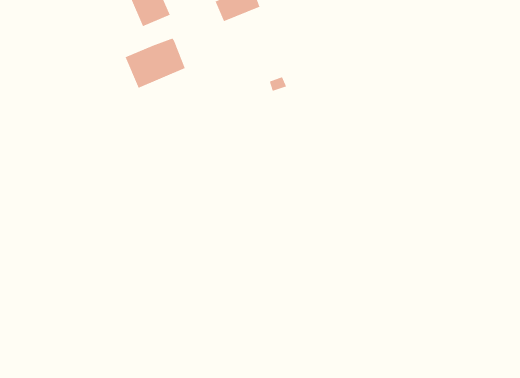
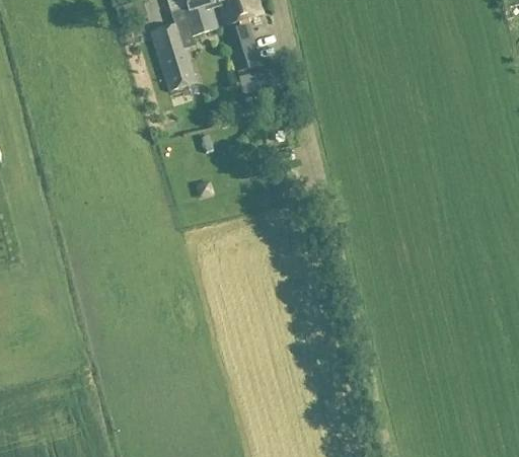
building: [124,37,186,89] -> none

